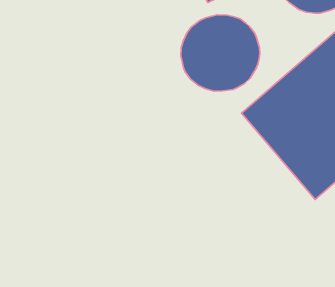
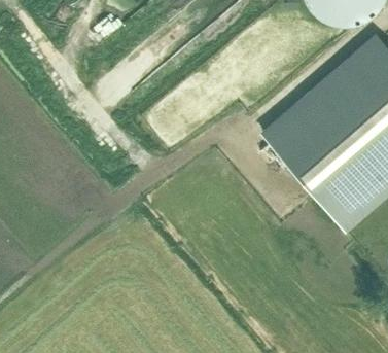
building: [181,15,260,91] -> none

